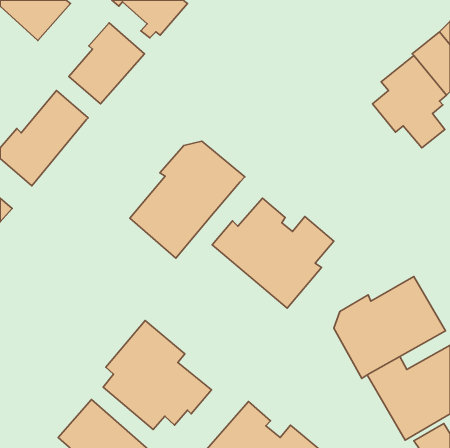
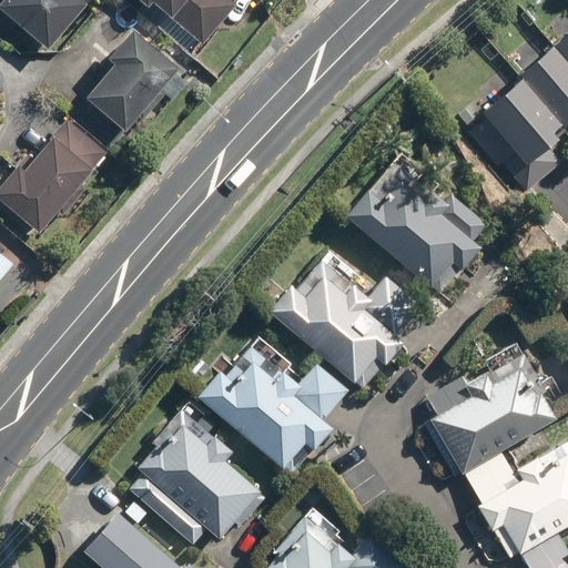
building: none -> [343,159,488,286]
building: [130,141,245,258] -> none
building: none -> [199,338,349,478]

